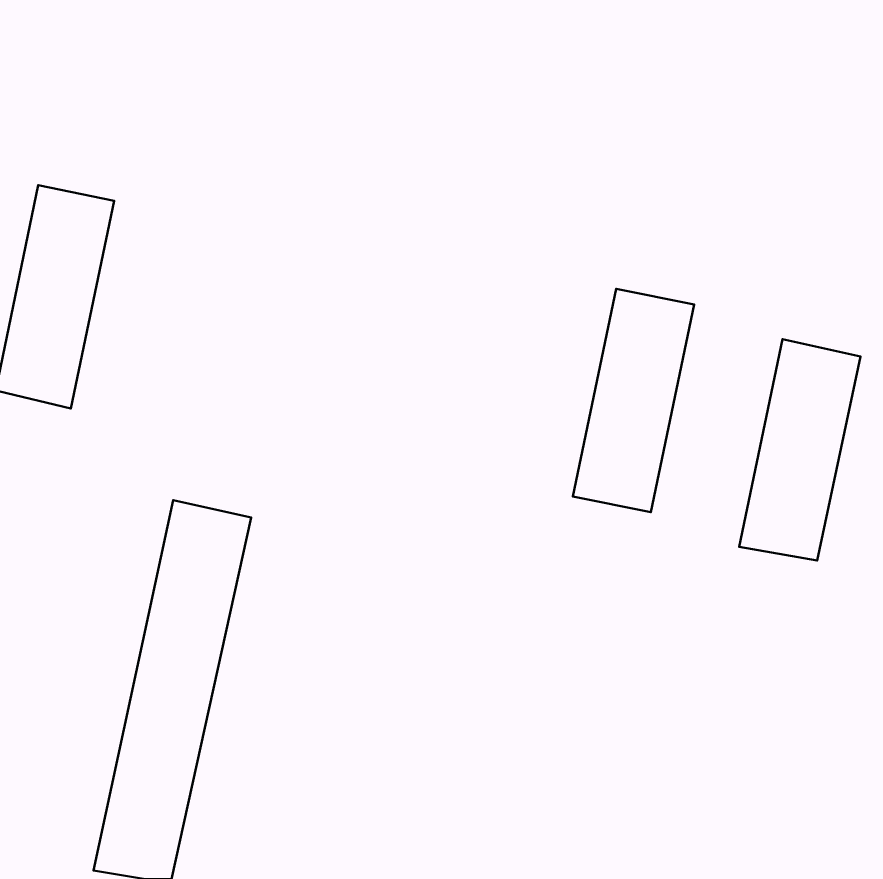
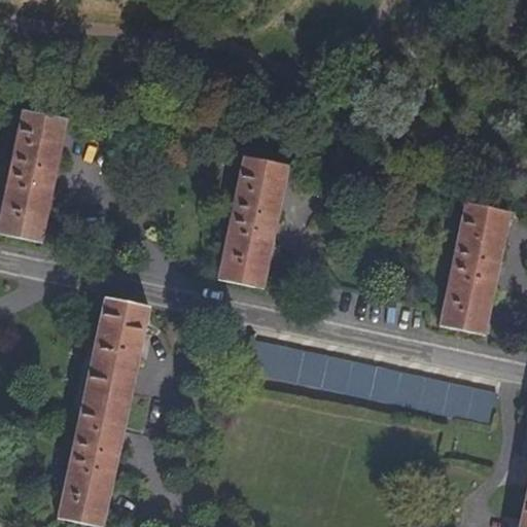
building: [573,289,694,512] -> [219,155,291,288]
building: none -> [245,339,496,423]

